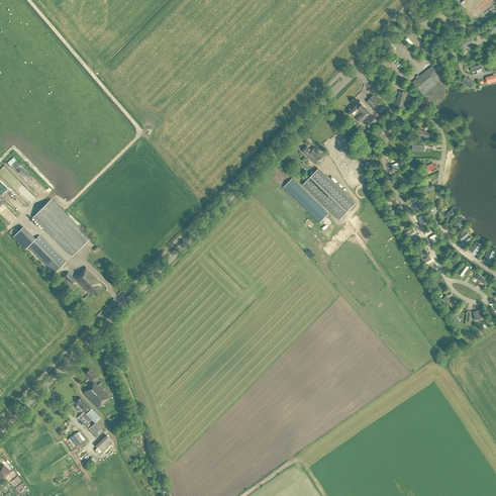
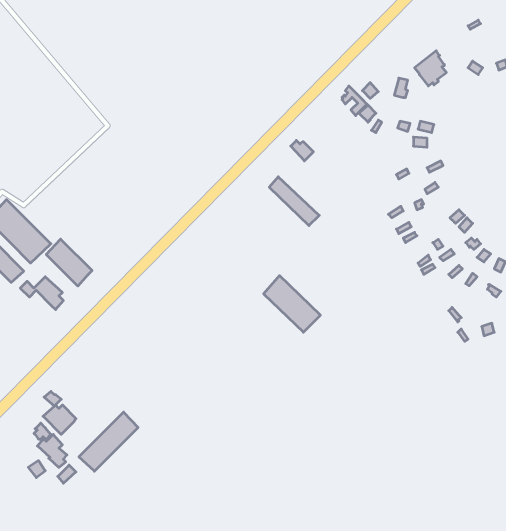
building: [303,168,354,218] -> [264,276,320,332]
building: none -> [46,239,92,286]
building: none -> [79,412,138,471]

